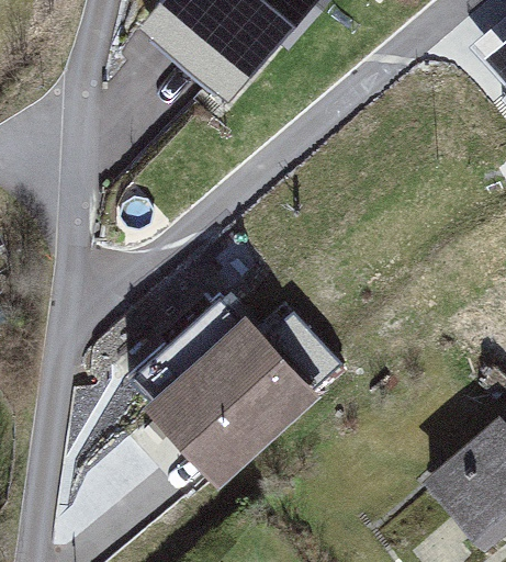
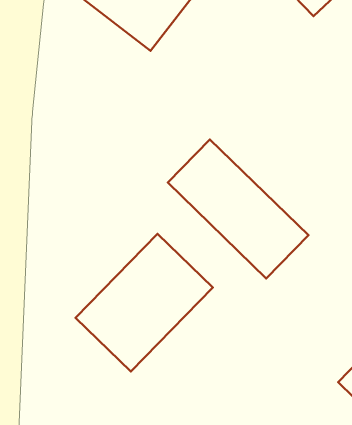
building: none -> [168,139,309,278]

